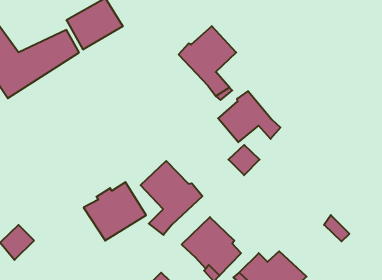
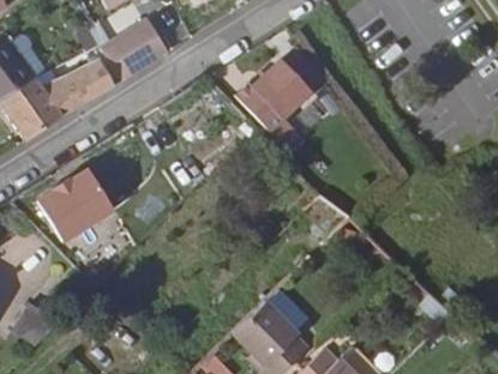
building: [218,91,280,142] -> none
building: [141,161,202,235] -> none
building: [84,182,146,241] -> [42,167,119,239]

